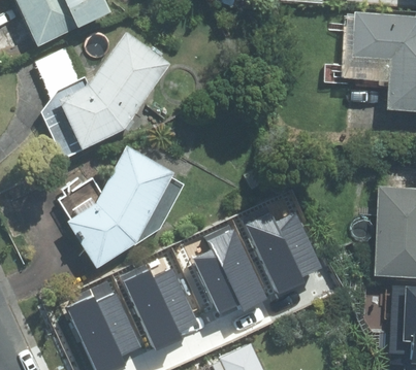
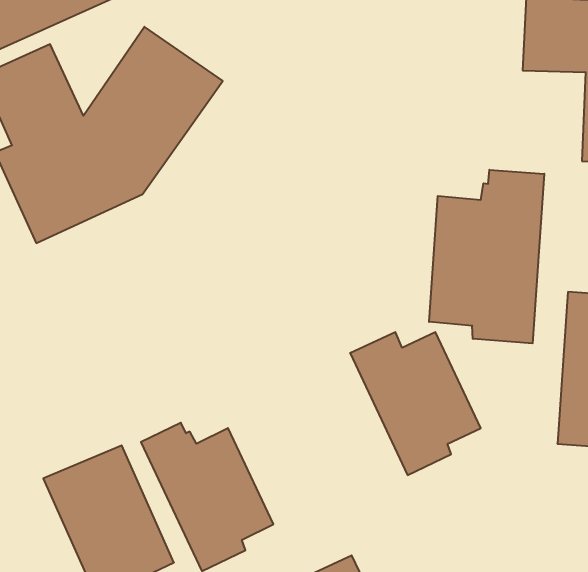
building: none -> [429,170,544,343]
building: [67,139,174,262] -> none
building: [197,225,273,313] -> none

